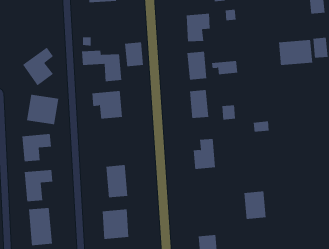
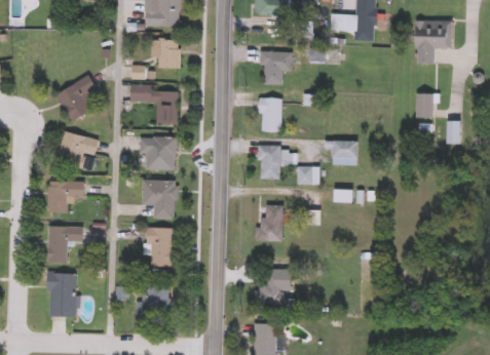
building: [278,39,313,66] -> none
building: [124,42,144,67] -> [158,40,180,69]
building: [211,61,238,75] -> [326,142,357,157]
building: none -> [142,180,176,218]
building: [243,191,267,219] -> [255,272,280,305]

